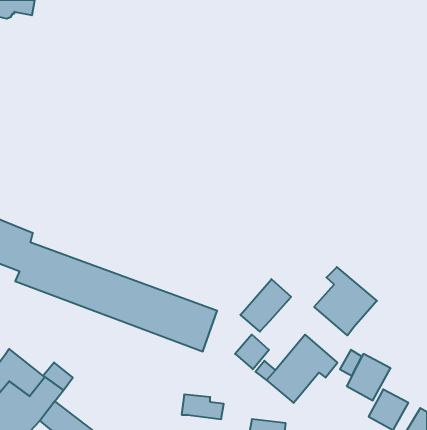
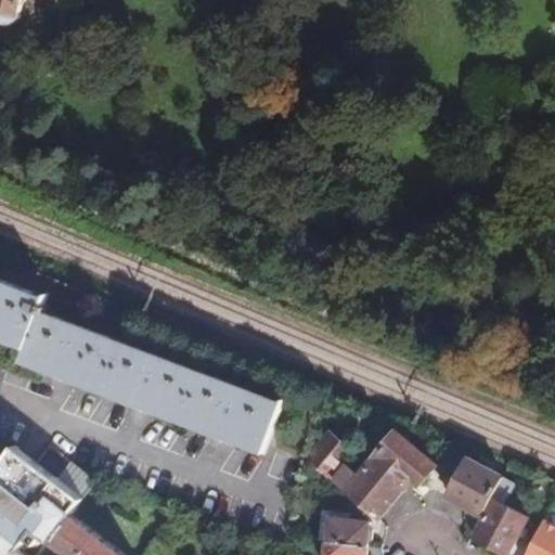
building: [314,267,377,335] -> none
building: [240,279,291,332] -> none
building: [182,395,224,419] -> [315,514,370,545]

